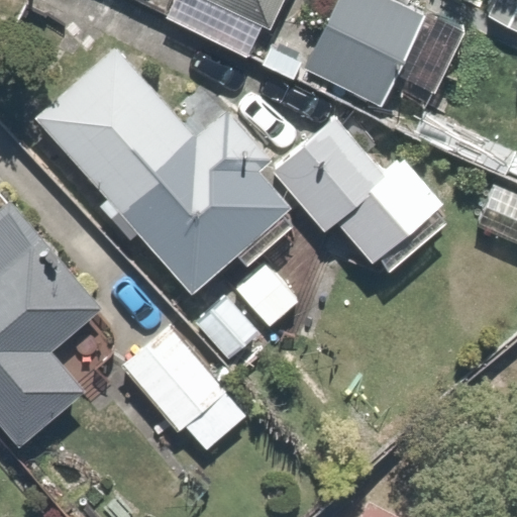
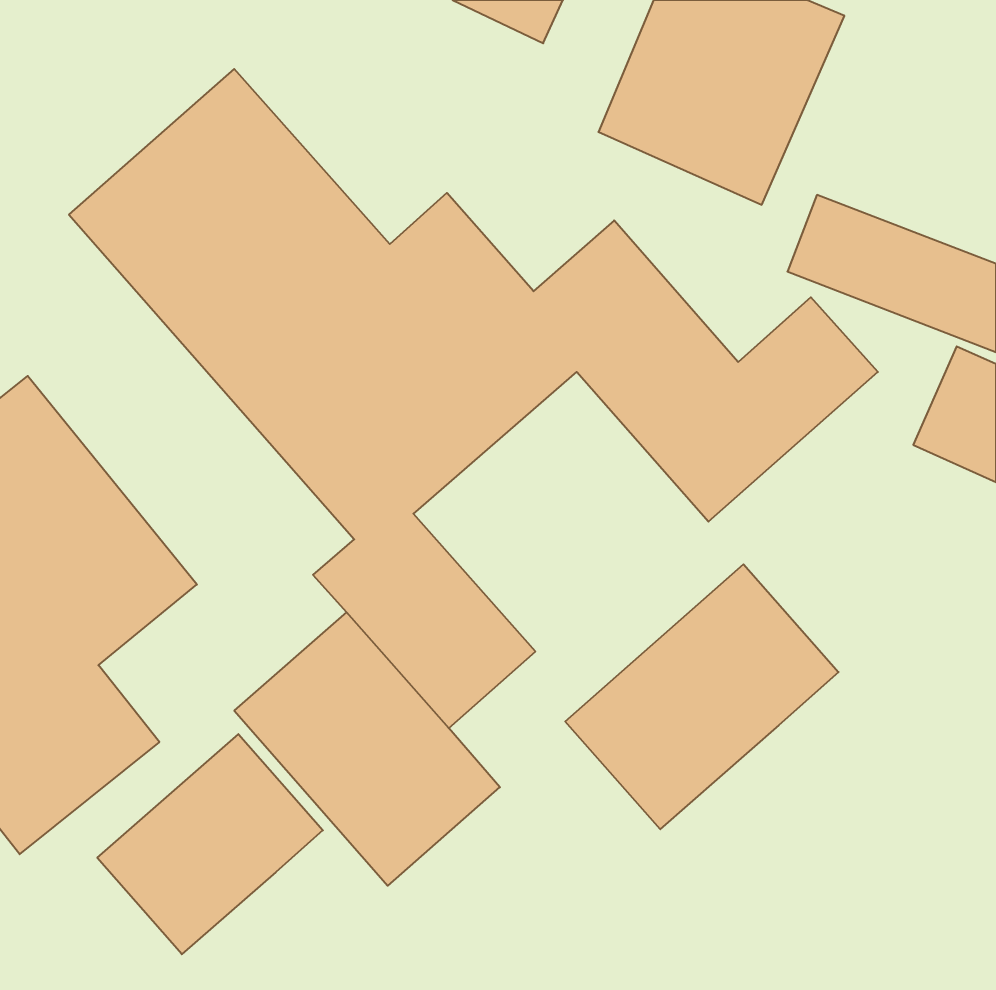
building: none -> [565,564,839,829]
building: none -> [97,734,323,954]

